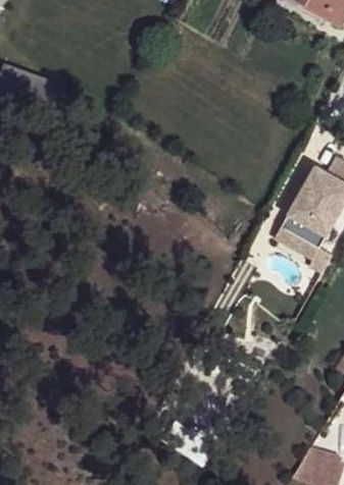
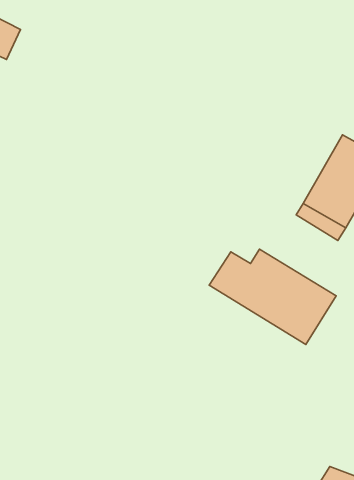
building: none -> [209,249,336,345]

